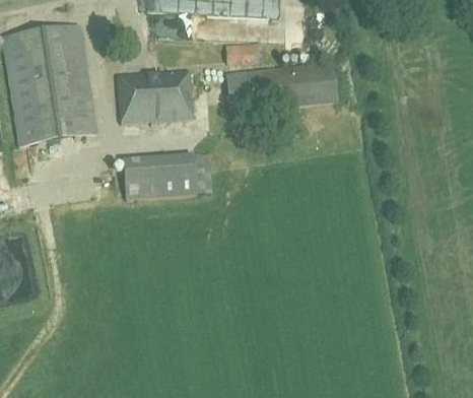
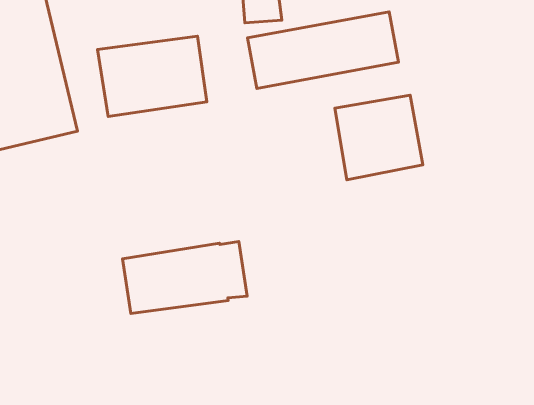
building: none -> [335,95,423,180]
building: [122,152,211,199] -> [123,242,247,313]

